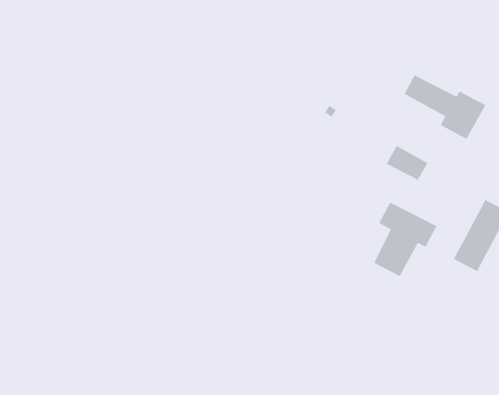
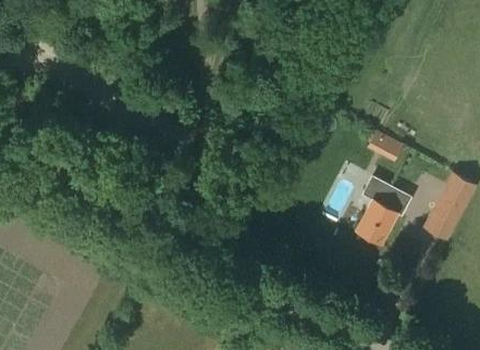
building: [403,74,486,140] -> none

